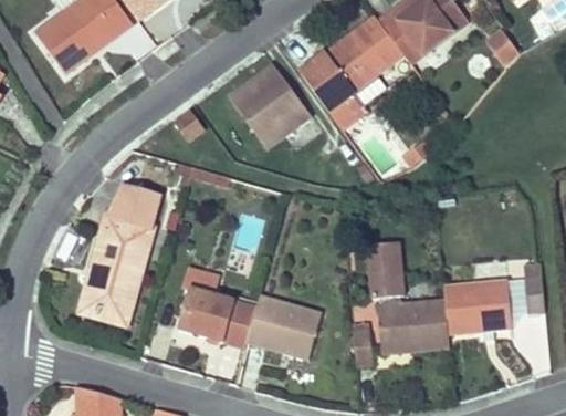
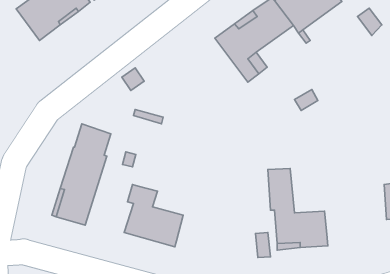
building: [229,63,312,148] -> none
building: [443,281,512,332] -> none
building: [248,295,322,360] -> none

